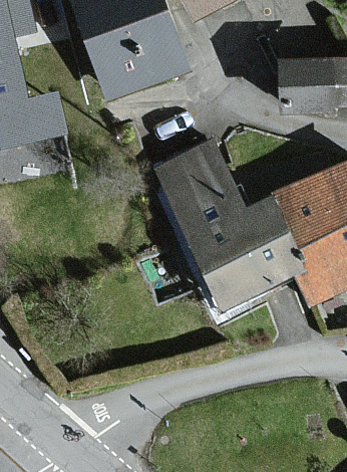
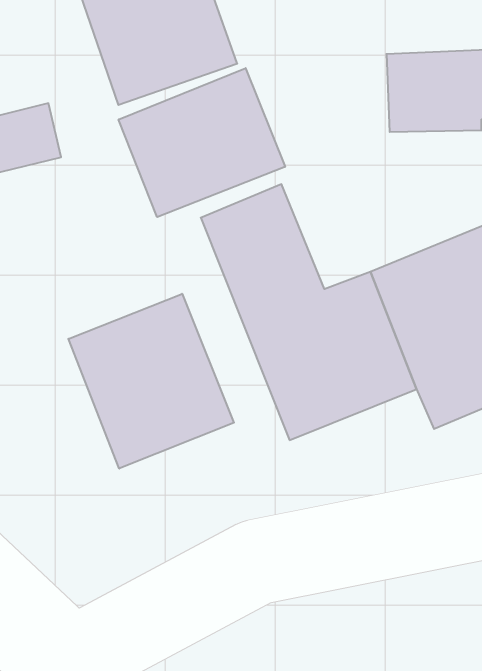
building: none -> [119,68,285,217]
building: none -> [68,294,234,469]

